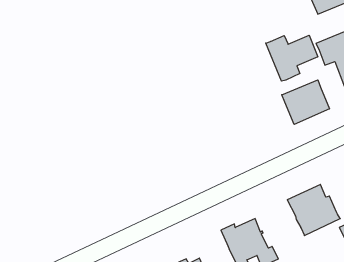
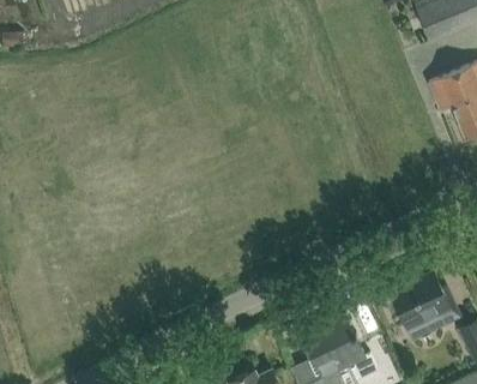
building: [266,35,318,81] -> none
building: [282,80,329,124] -> none

